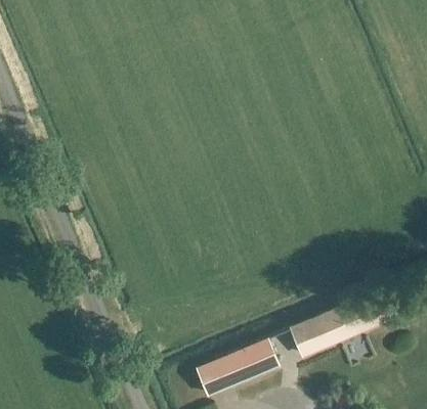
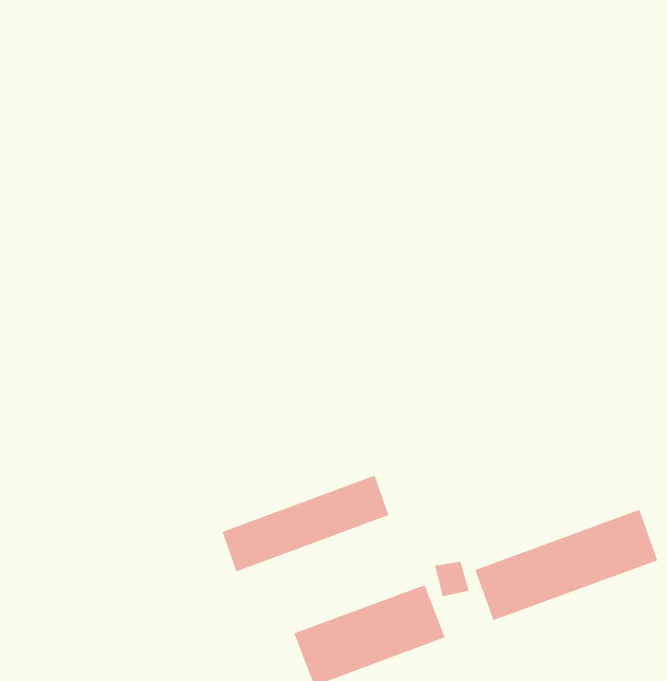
building: none -> [222,475,389,572]

